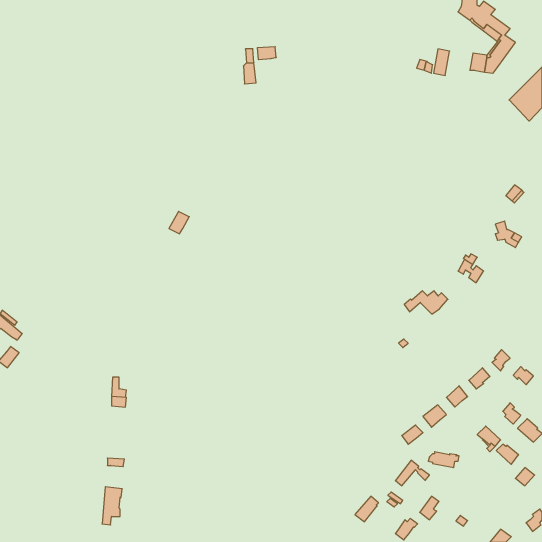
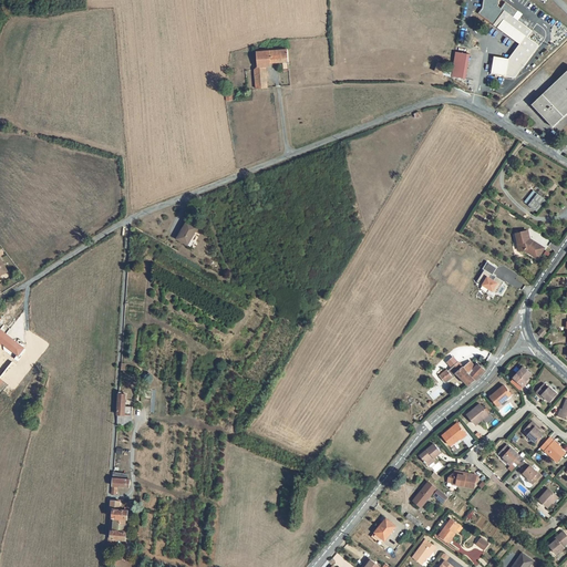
building: [404,291,448,314] -> [439,360,484,384]

